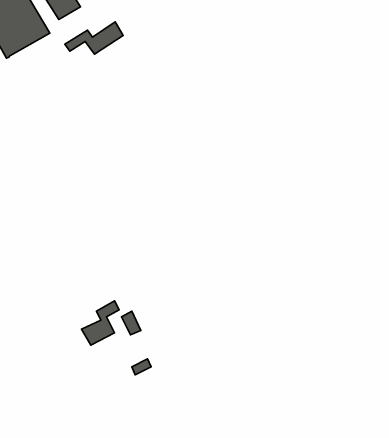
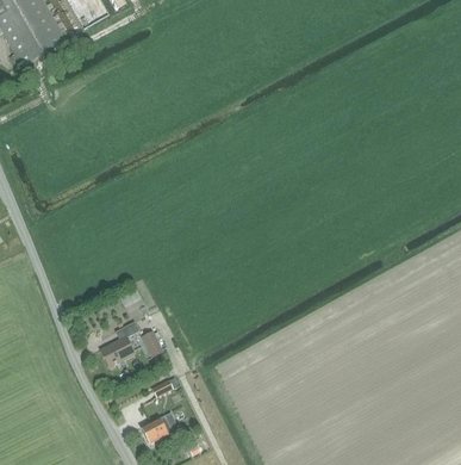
building: [65,22,123,54] -> none
building: none -> [139,410,177,442]

